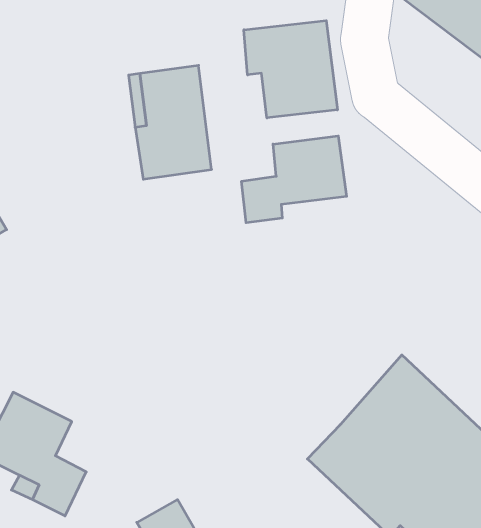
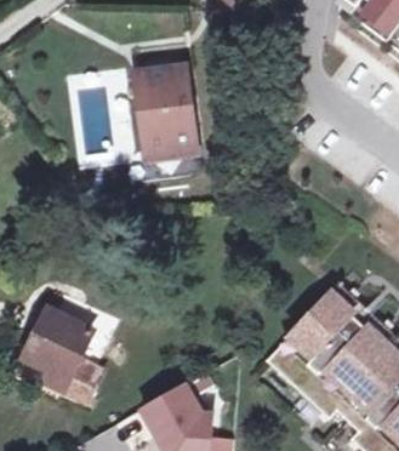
building: [244,21,337,118] -> none
building: [242,136,347,223] -> none

